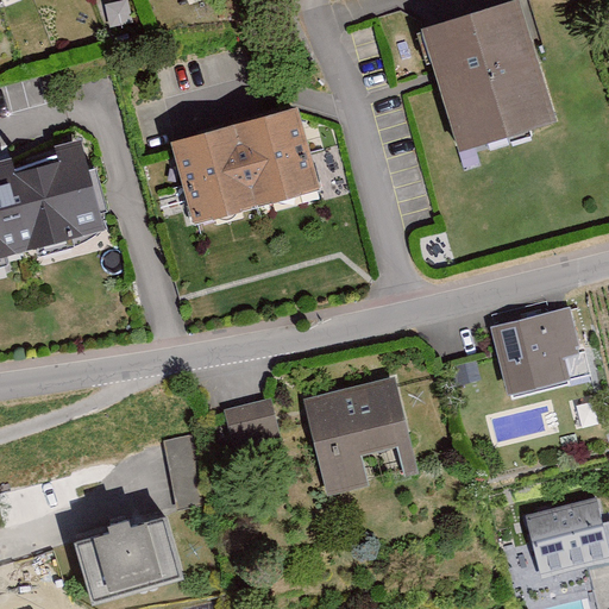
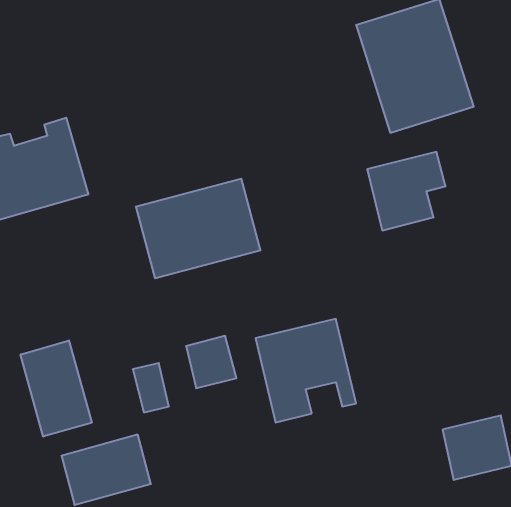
building: [171,107,319,225] -> [136,179,261,278]
building: [492,307,585,400] -> [367,152,446,230]
building: none -> [21,340,92,437]

